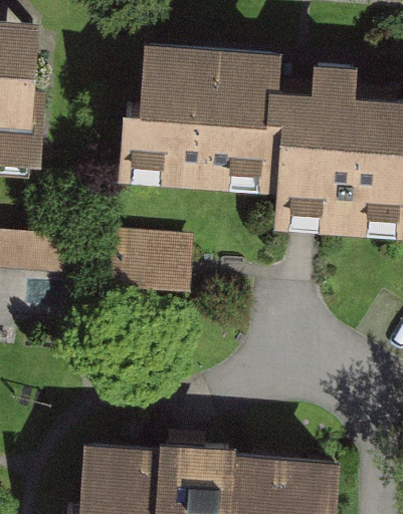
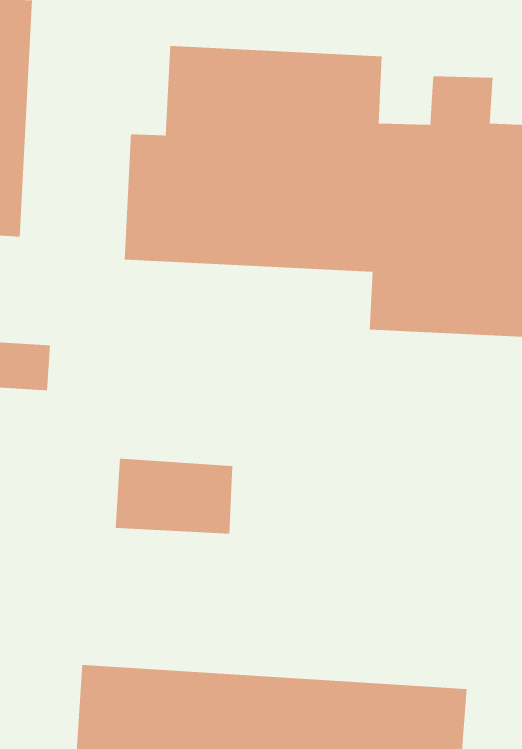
building: [115,234,193,284] -> [115,458,233,534]

